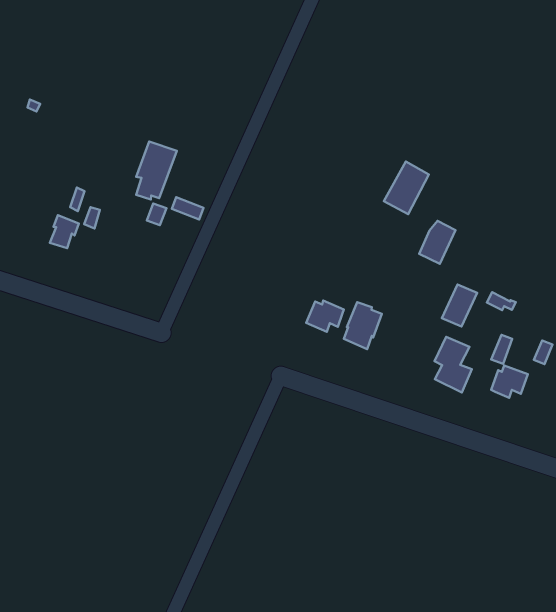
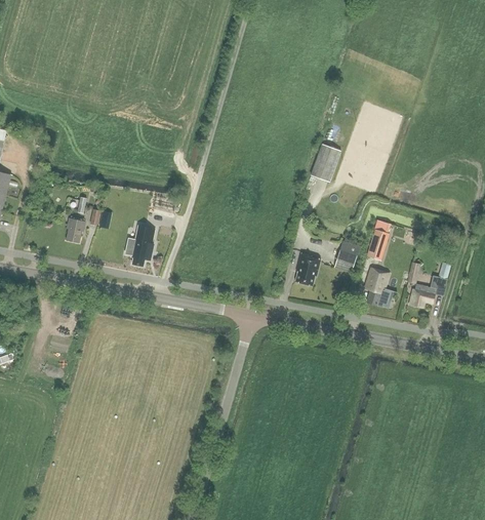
building: [136,142,177,200] -> [129,224,157,267]
building: [419,221,456,264] -> [334,239,359,271]
building: [306,300,344,332] -> none

